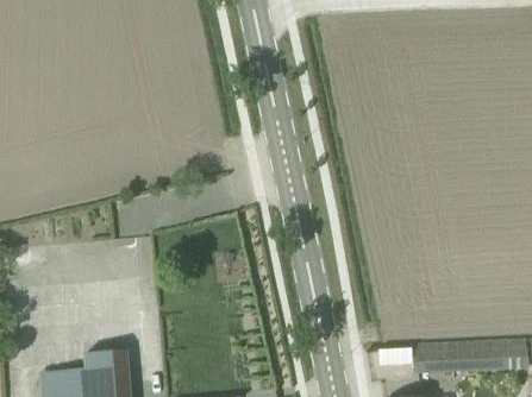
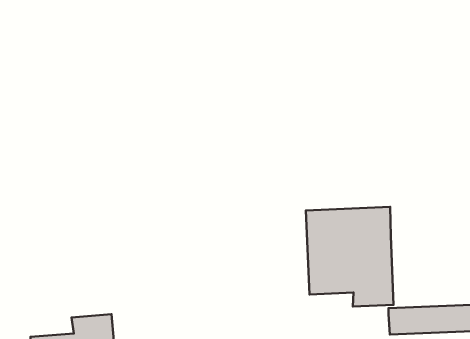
building: none -> [306,207,394,306]

